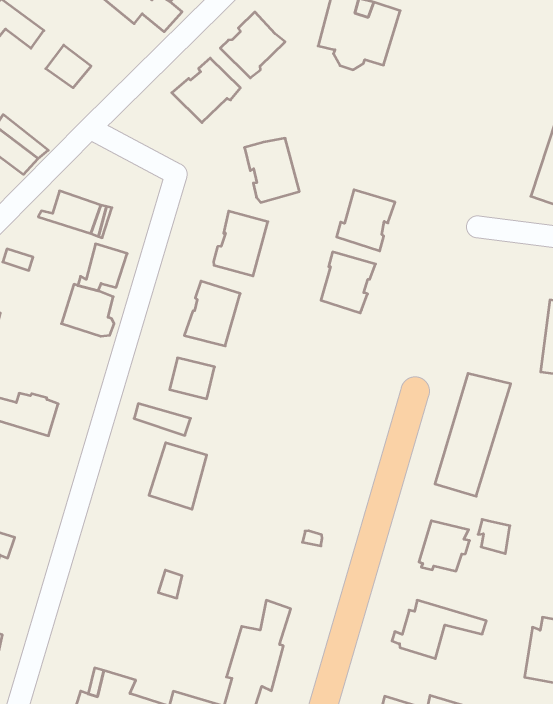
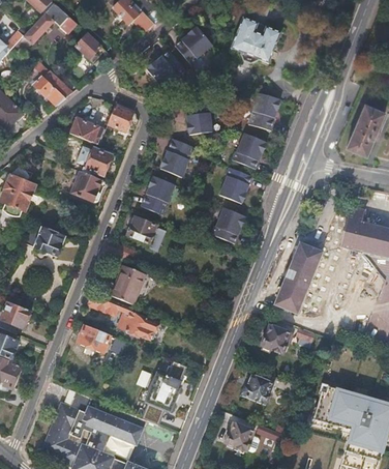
building: none -> [248,92,280,129]
building: none -> [107,105,138,133]
building: none -> [211,207,245,243]
building: none -> [88,296,159,341]
building: none -> [78,326,110,353]

